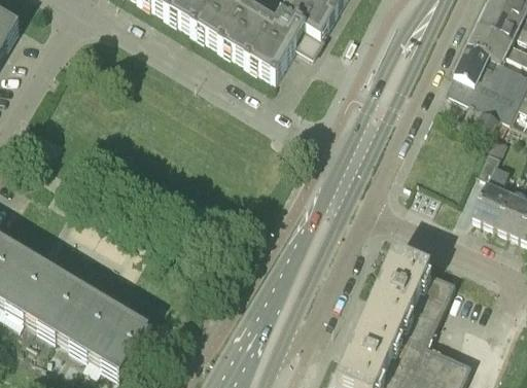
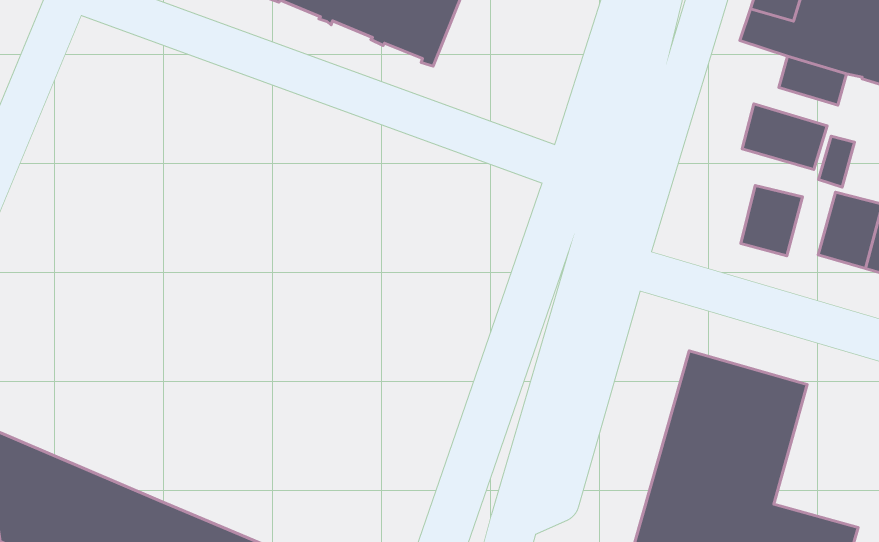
building: none -> [742,104,827,170]
building: none -> [741,186,802,256]

